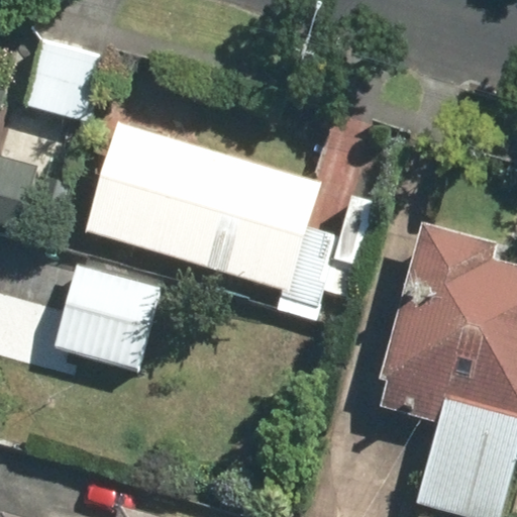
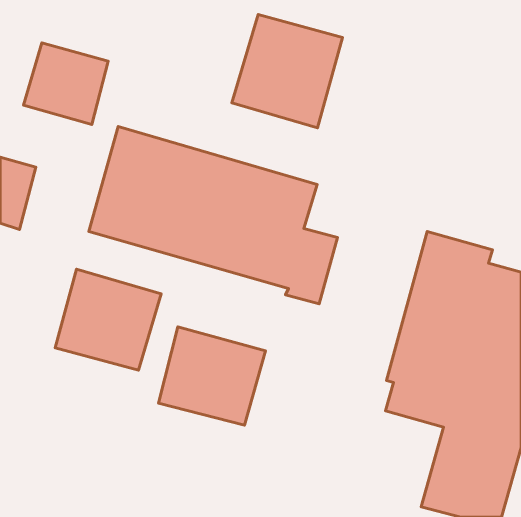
building: none -> [232,14,342,128]
building: none -> [158,327,265,425]

